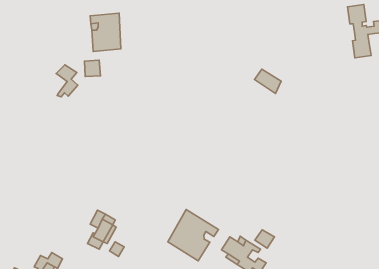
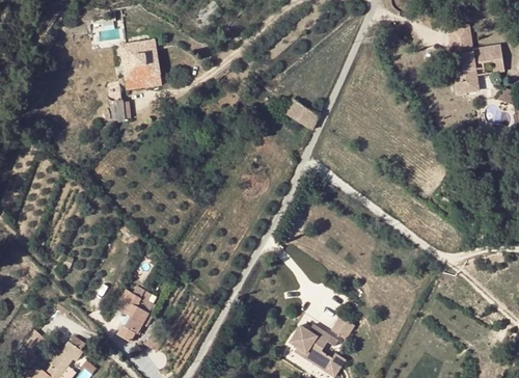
building: [56,65,78,97] -> none
building: [254,69,281,93] -> [283,100,318,131]
building: [168,209,218,261] -> none

